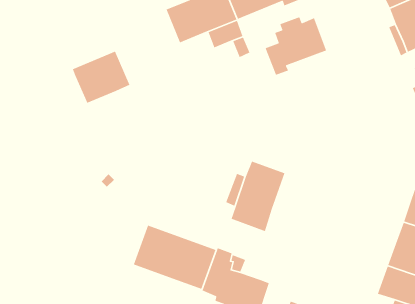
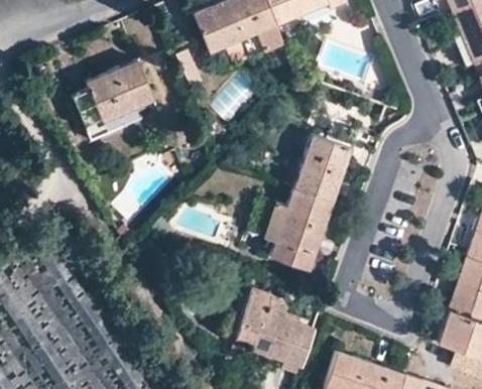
building: [264,16,327,76] -> none
building: none -> [74,90,143,139]
building: none -> [293,134,352,202]
building: [133,225,216,290] -> none

